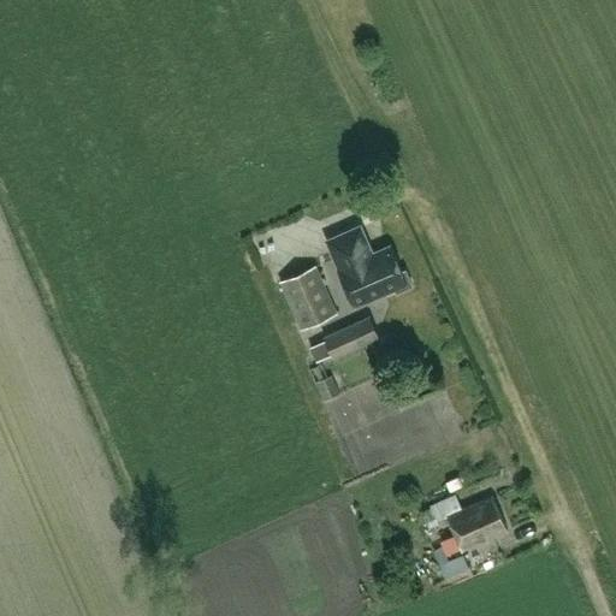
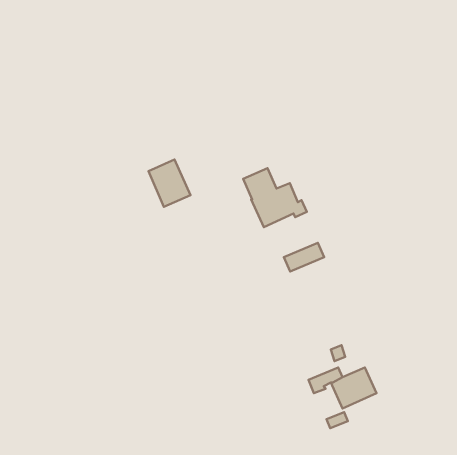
building: [280,266,337,330] -> [149,159,191,207]
building: [324,319,378,357] -> [284,243,324,271]

